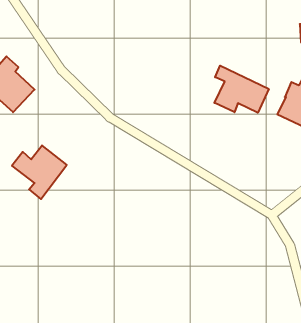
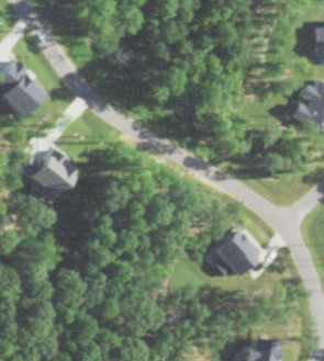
building: [214,66,269,113] -> none
building: none -> [209,227,262,281]

